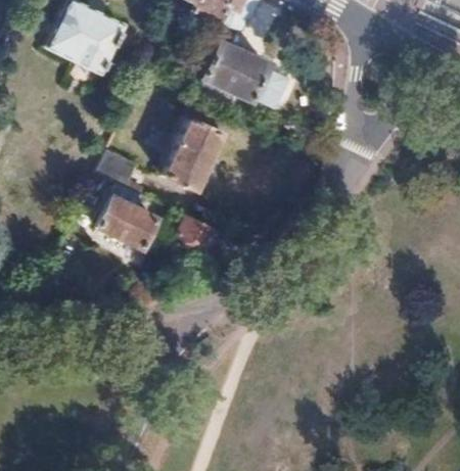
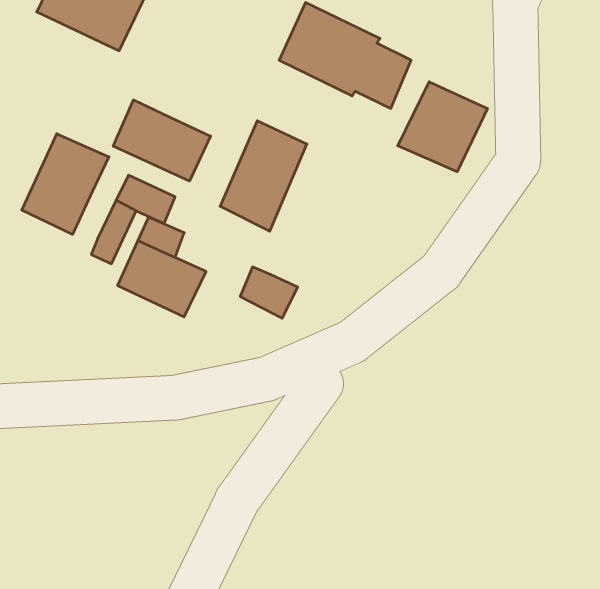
building: none -> [398,82,487,172]
building: none -> [113,100,211,181]
building: none -> [22,134,109,234]

